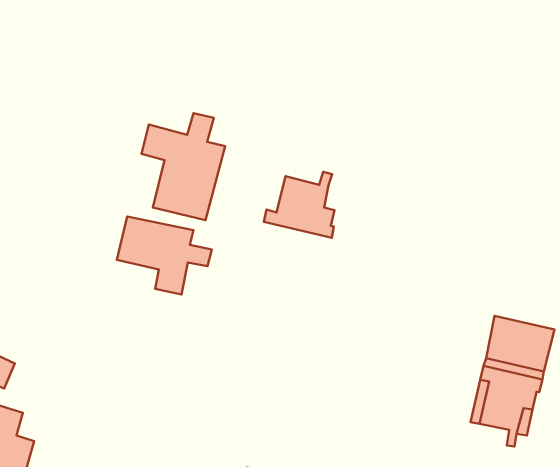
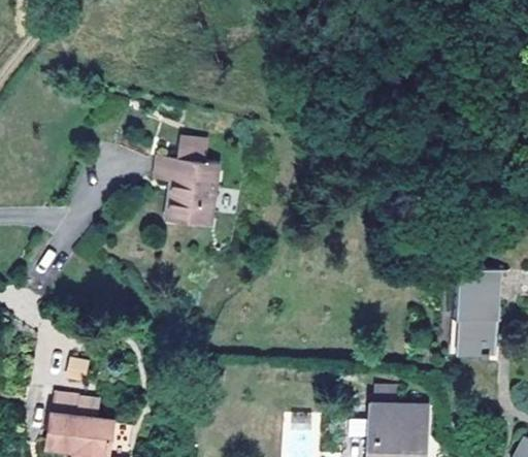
building: [264,172,334,238] -> none
building: [117,216,212,295] -> none

